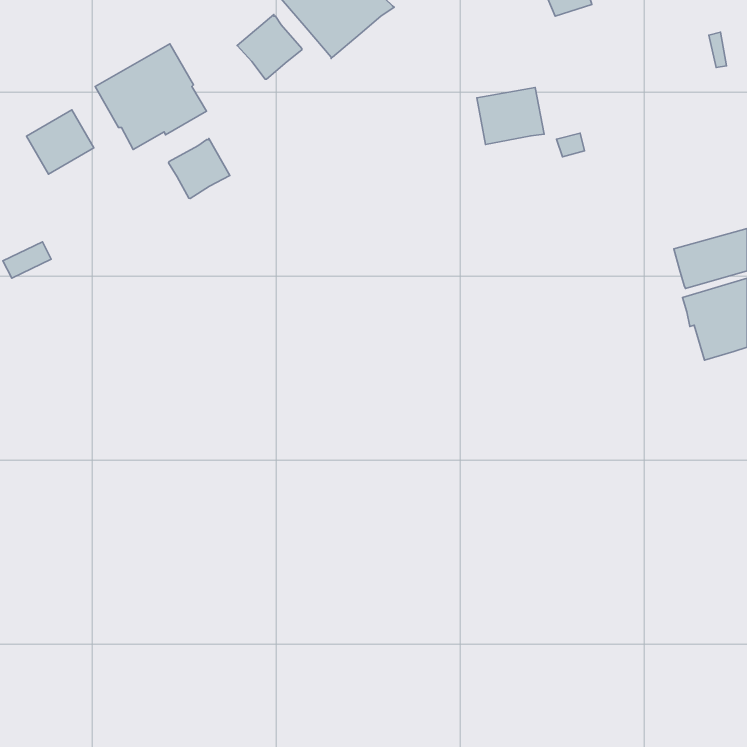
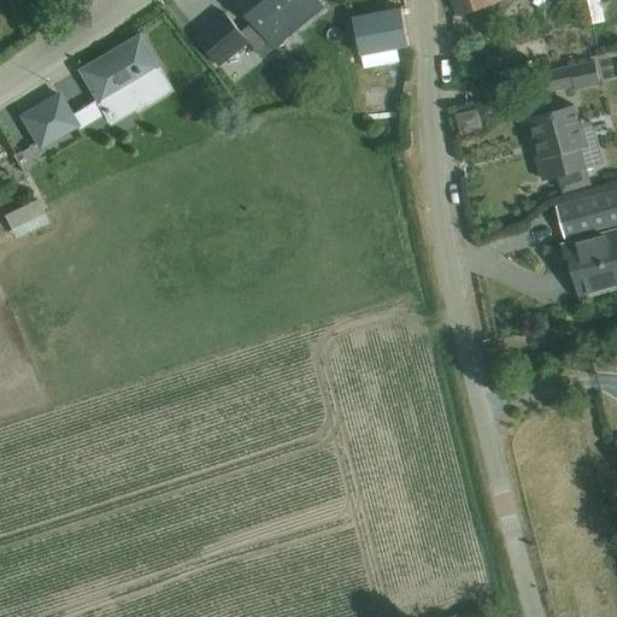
building: none -> [539,60,598,92]
building: [477,87,544,145] -> [352,7,407,54]
building: none -> [529,102,601,190]
building: [169,138,230,198] -> none

